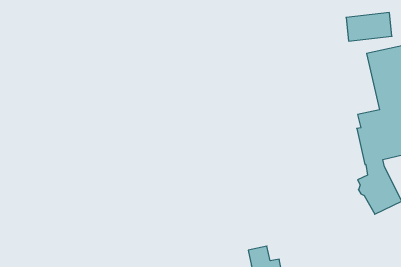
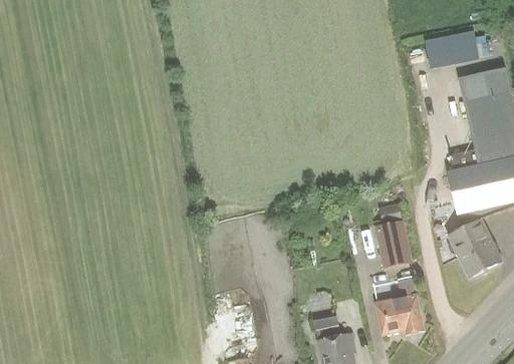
building: none -> [374,219,413,268]
building: none -> [374,276,424,336]

